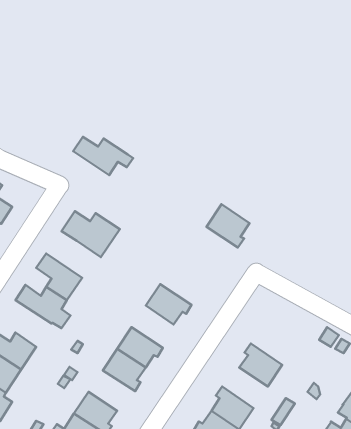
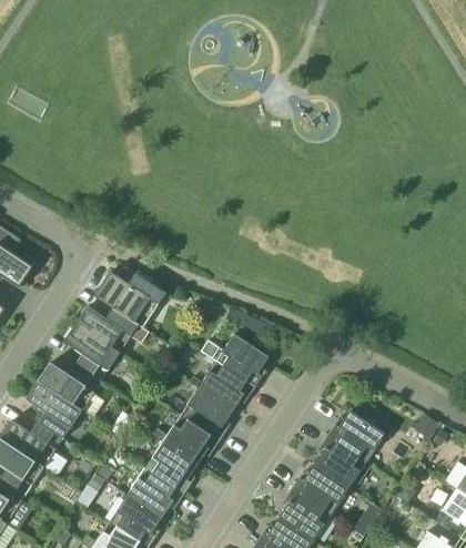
building: [73,137,133,175] -> [73,306,148,354]
building: [206,204,249,247] -> [214,334,267,387]
building: none -> [23,382,80,439]
building: none -> [179,388,231,440]
building: none -> [326,410,383,461]
building: none -> [291,465,347,515]
building: none -> [125,468,183,518]

